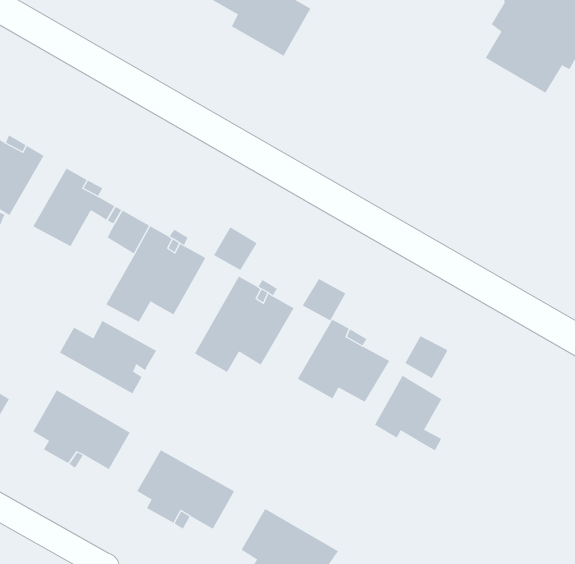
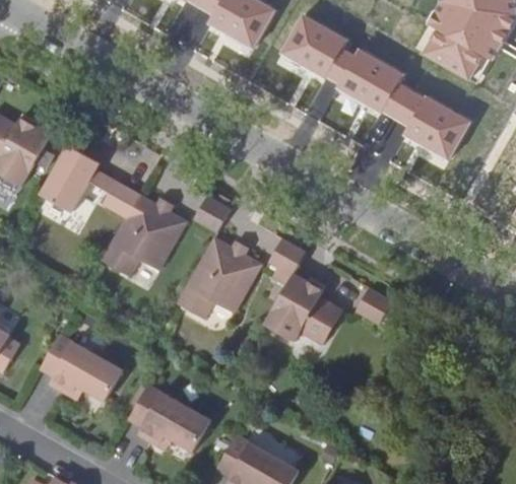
building: none -> [278,13,471,161]
building: [59,320,157,394] -> none
building: [374,375,442,451] -> none

